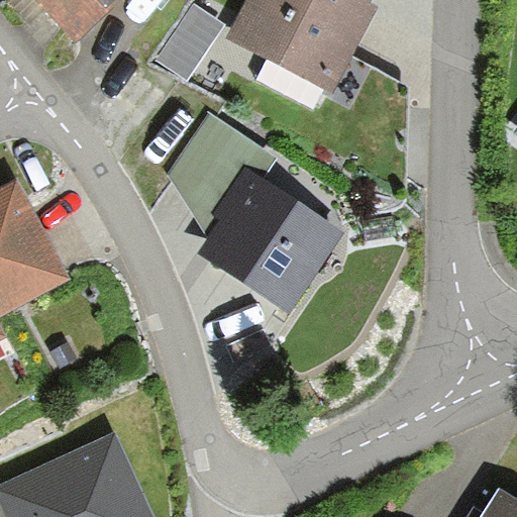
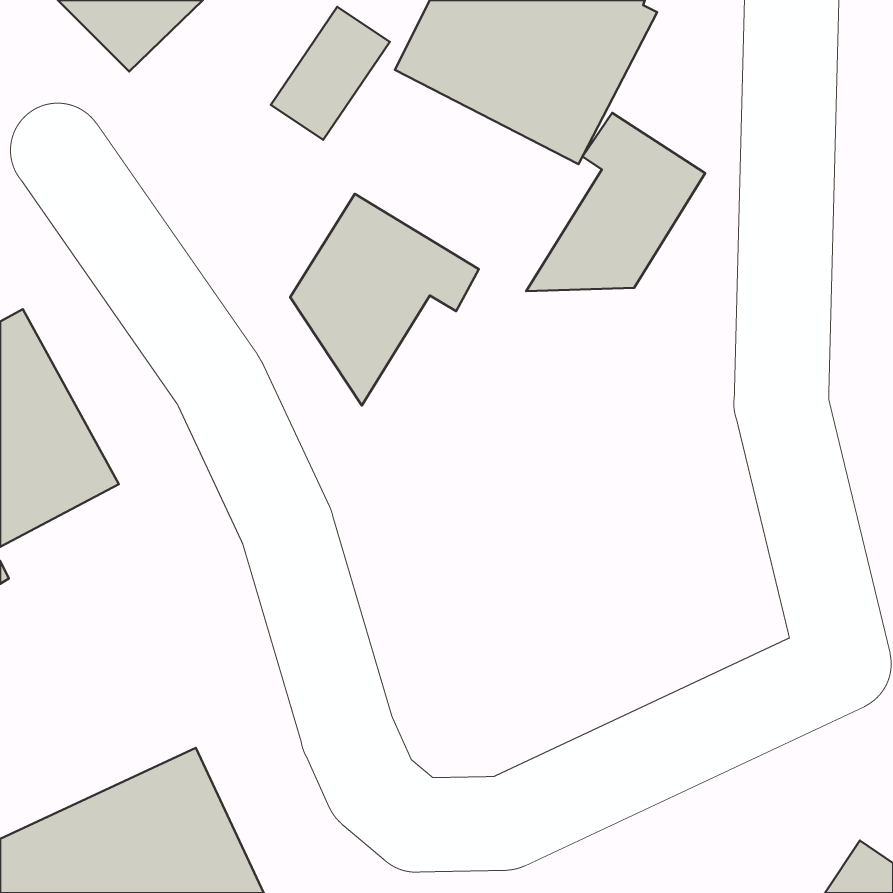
building: none -> [526,113,705,291]
building: [198,171,342,311] -> none

